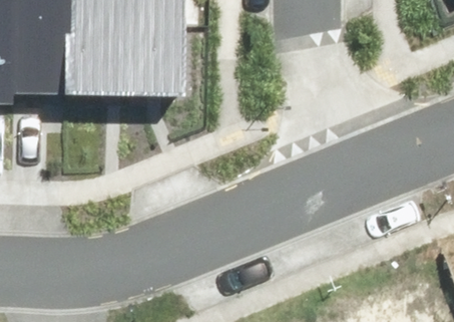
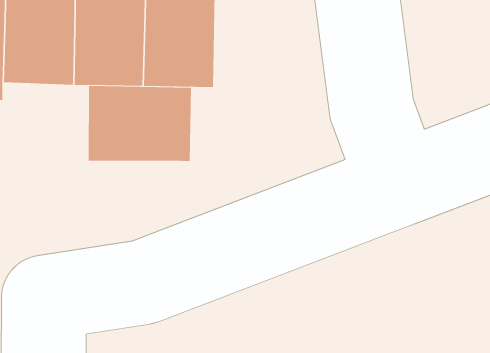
building: none -> [88,85,192,162]

